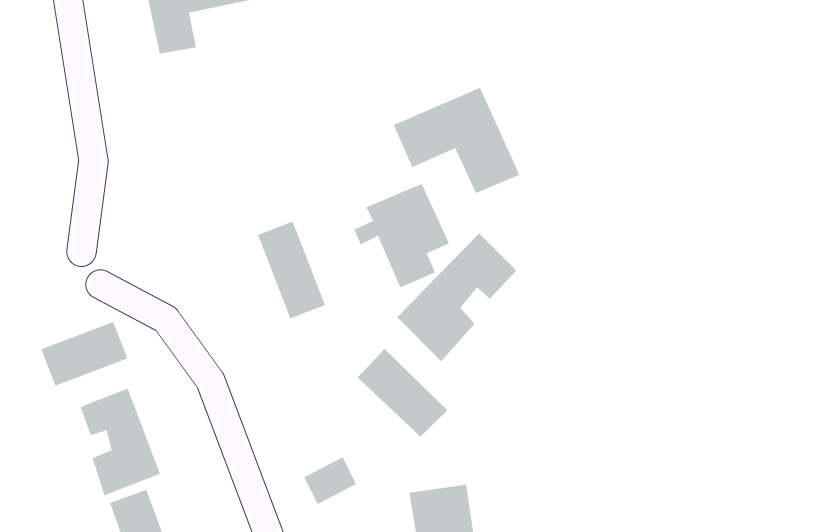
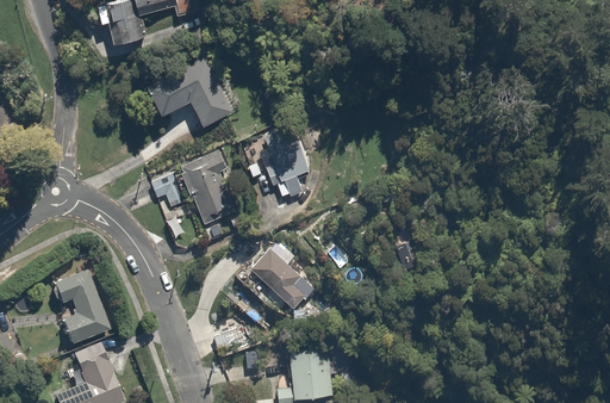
building: [393,87,520,194] -> [144,55,232,129]
building: [397,232,517,362] -> none
building: none -> [151,174,181,210]
building: [40,321,128,387] -> none

